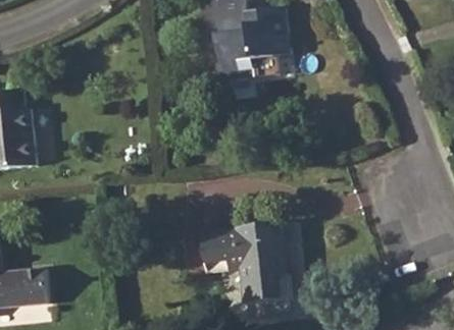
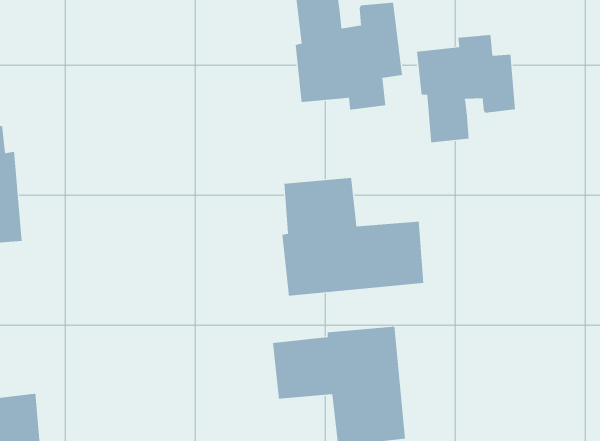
building: none -> [416,34,516,143]
building: none -> [282,177,424,296]

